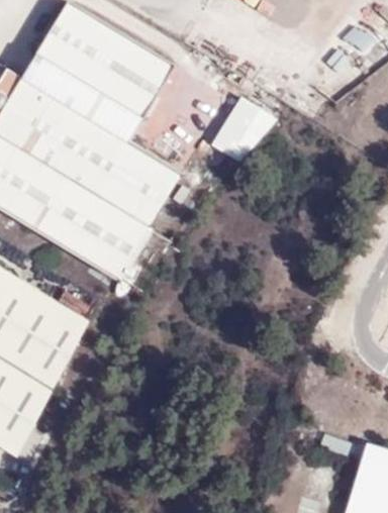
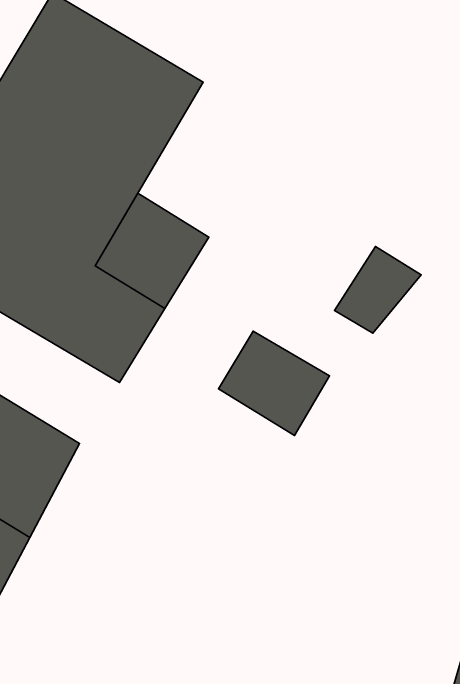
building: [210,99,272,161] -> [334,246,421,333]
building: none -> [219,331,329,435]

